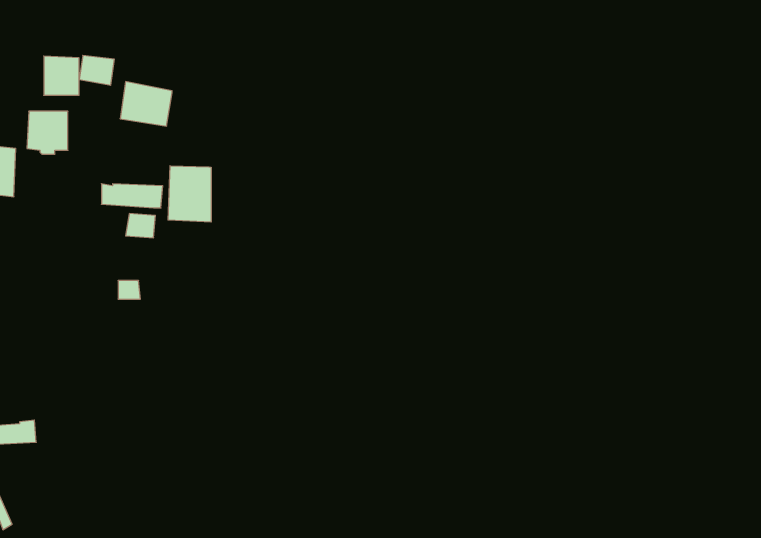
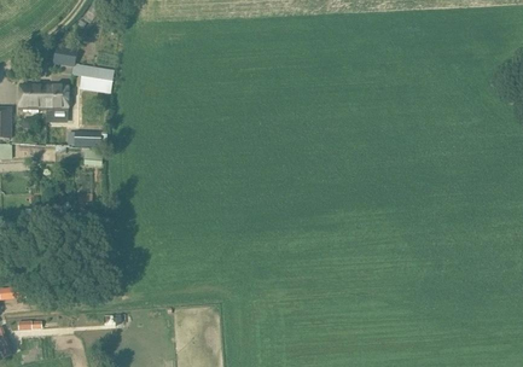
building: [44,56,79,95] -> [46,85,69,110]
building: [168,166,211,222] -> none

